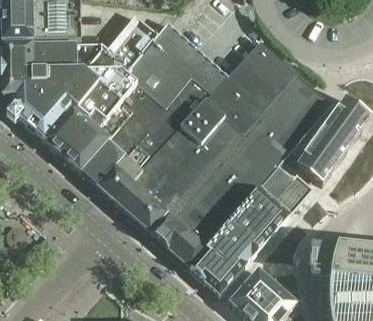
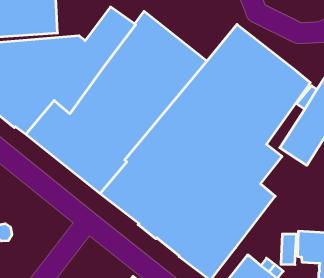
building: [275,174,313,213] -> none

